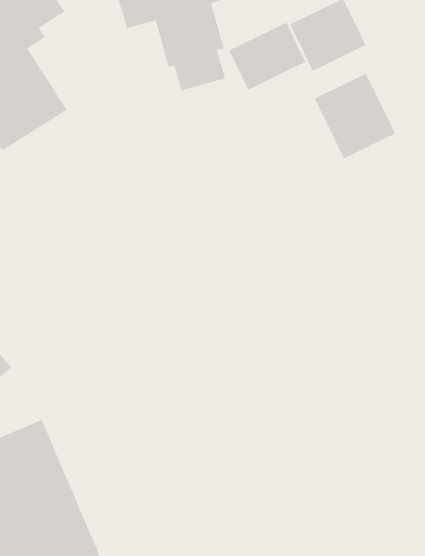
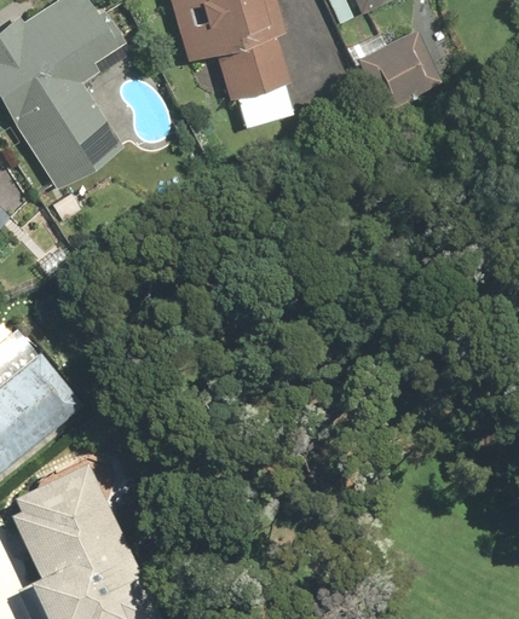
building: [229,22,306,91] -> none
building: [314,73,396,159] -> none

